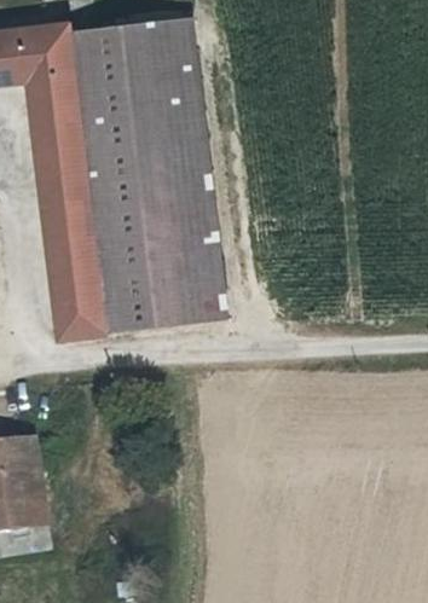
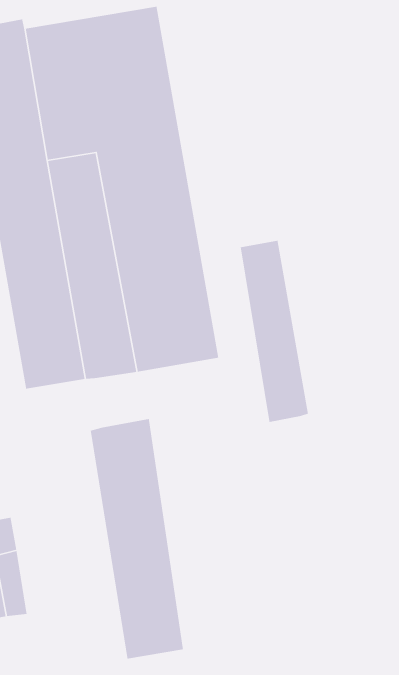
building: none -> [240,240,309,423]
building: none -> [90,418,184,659]

